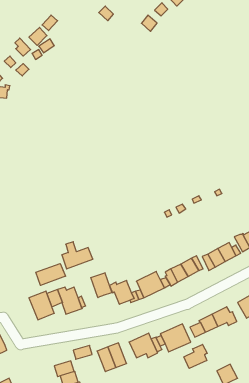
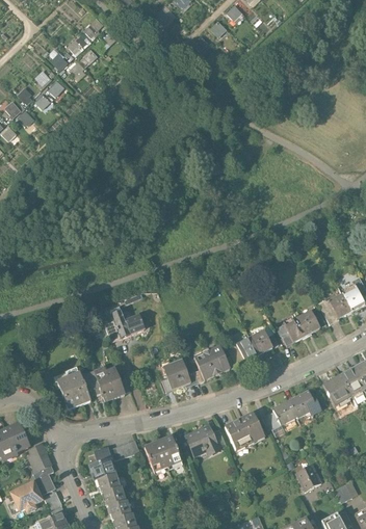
building: [36,264,66,285] -> none
building: [91,273,112,298] -> none
building: [184,344,207,368] -> none
building: none -> [28,442,53,471]

